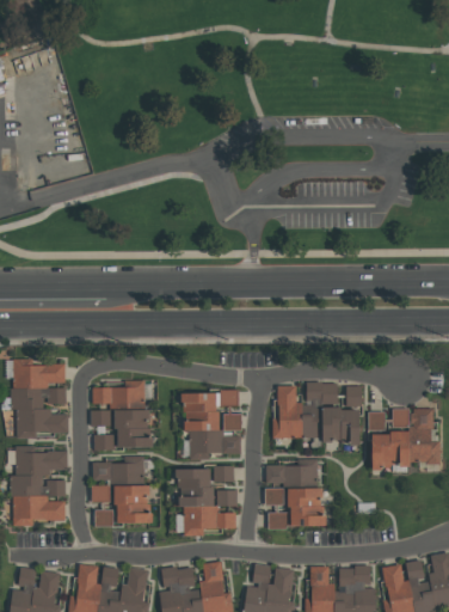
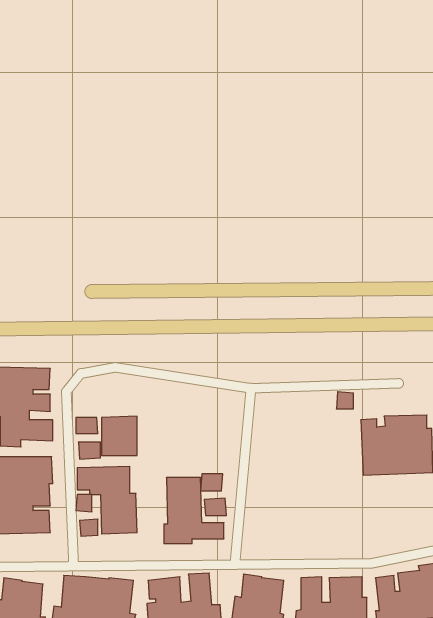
building: [92,381,144,403] -> none
building: [272,384,359,441] -> none
building: [182,392,241,459] -> none
building: [265,461,321,528] -> none

